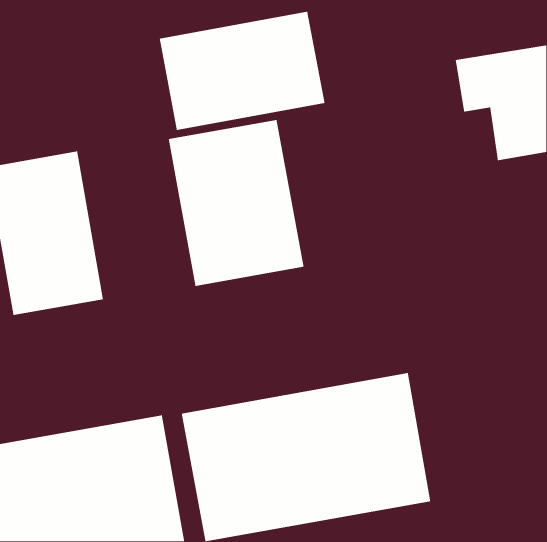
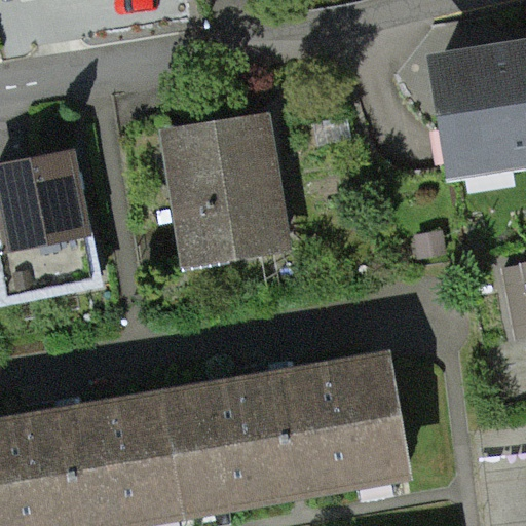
building: [159,11,325,131] -> none

